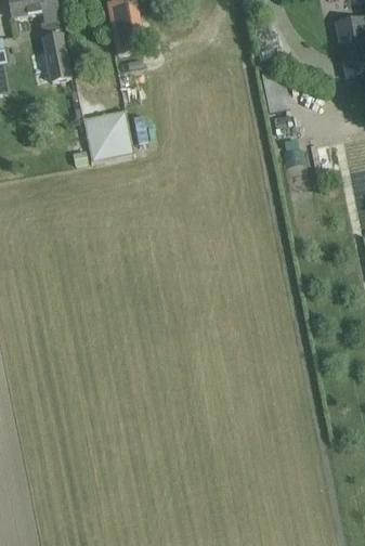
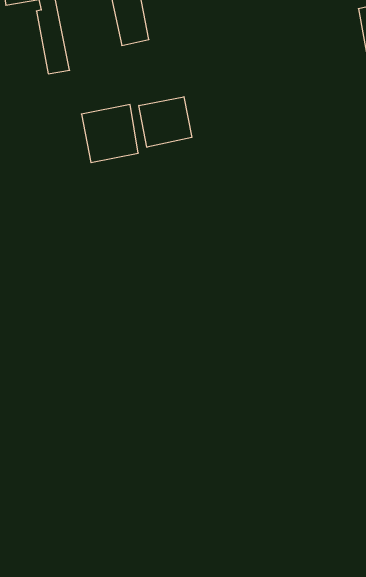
building: none -> [139,97,192,147]

